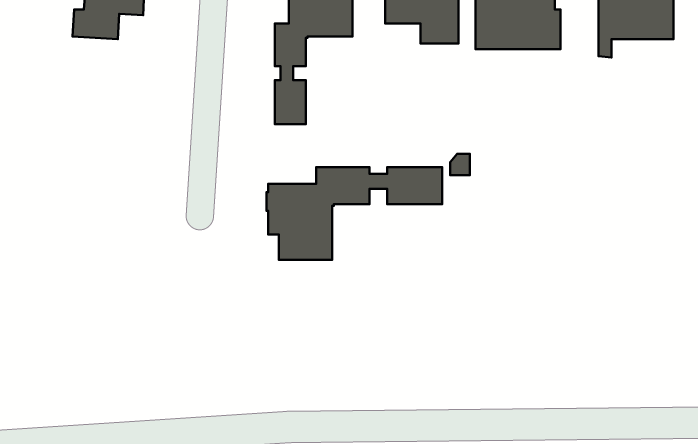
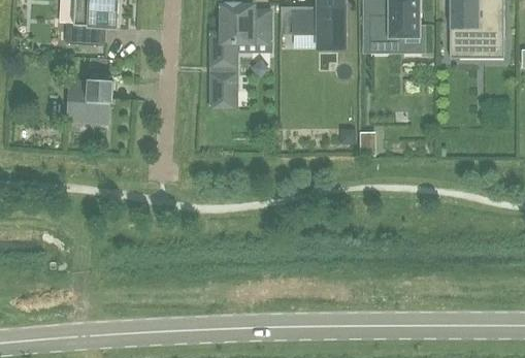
building: none -> [70,79,112,122]
building: [267,167,442,260] -> none

